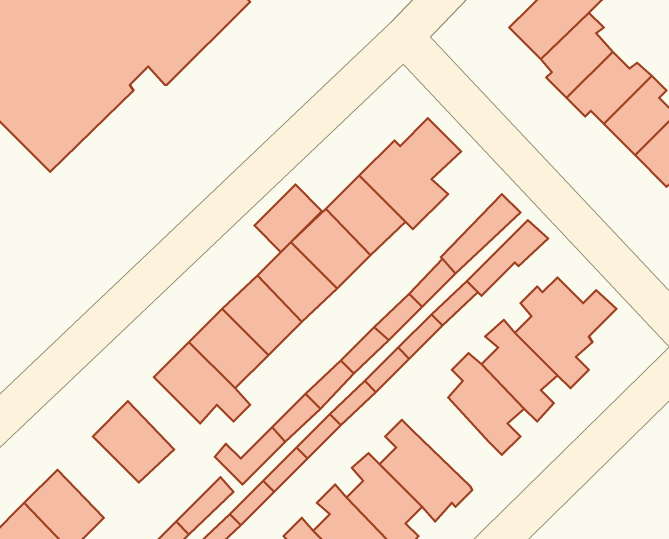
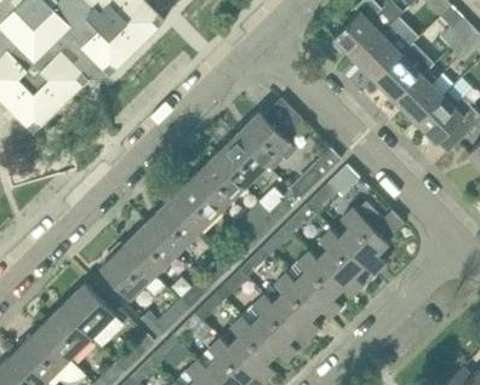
building: [254,185,322,252] -> none
building: none -> [272,272,321,338]
building: none -> [39,305,92,358]

